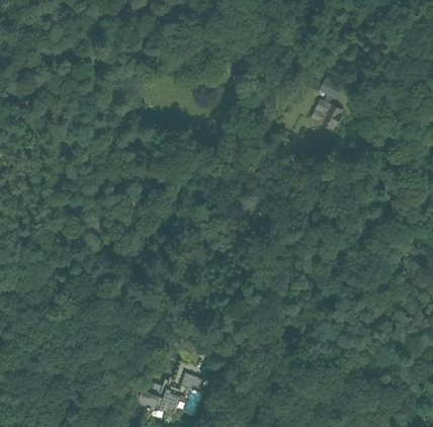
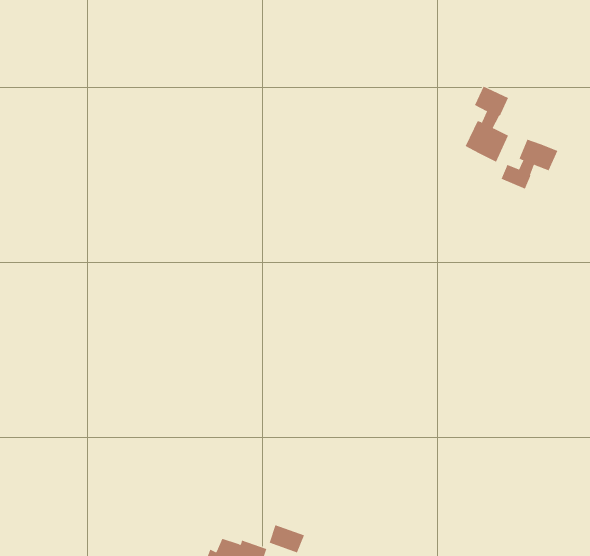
building: none -> [501,139,558,190]

